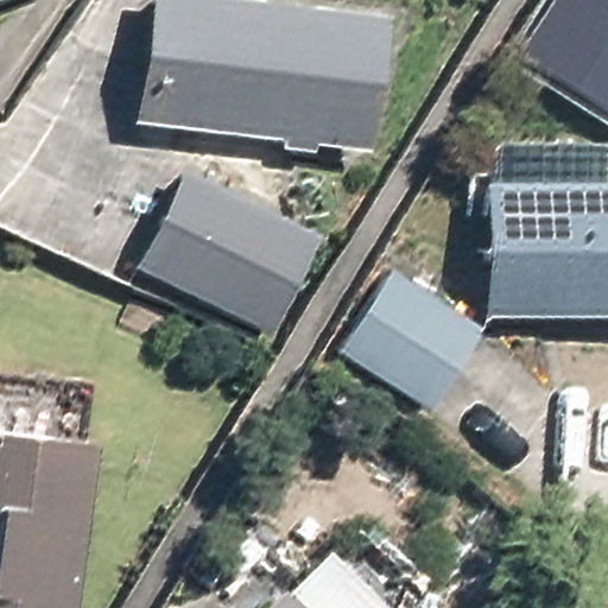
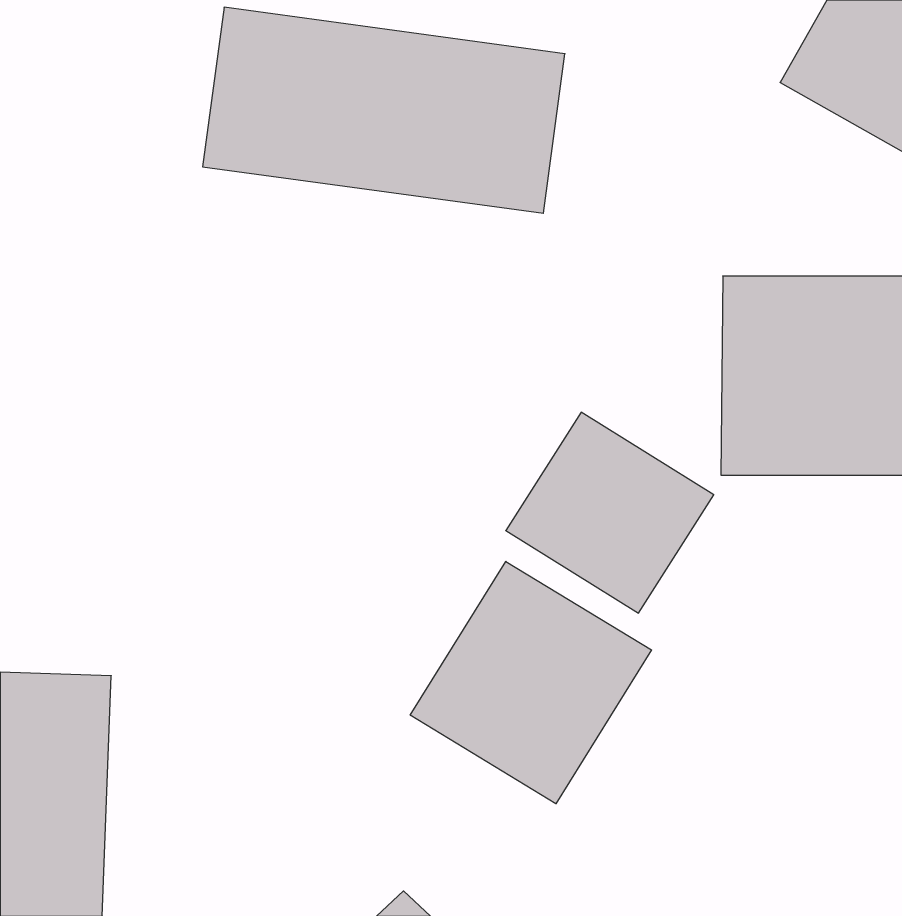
building: [144,177,314,325] -> none
building: none -> [410,561,652,804]

